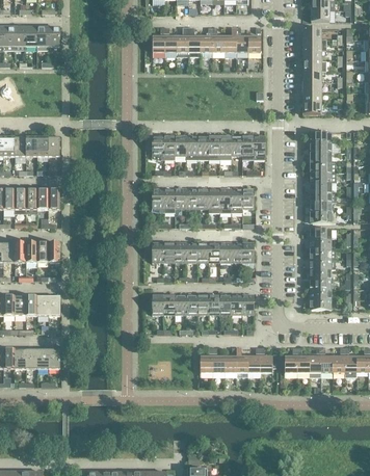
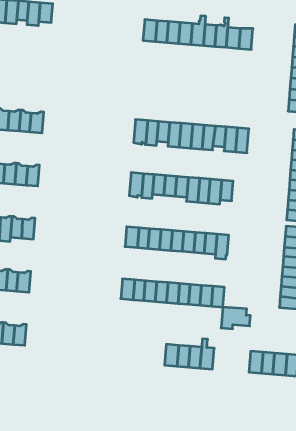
building: [249,354,278,375] -> [221,307,250,329]

